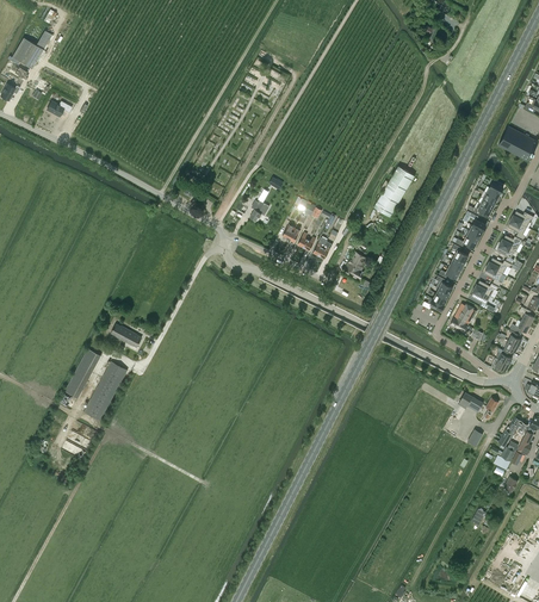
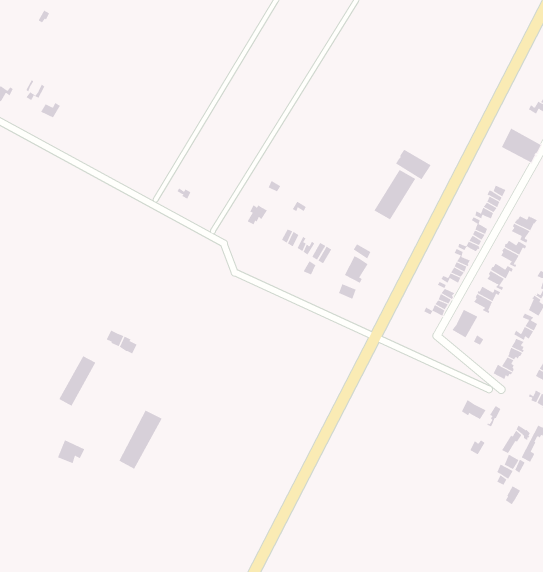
building: [11,31,50,69] -> none
building: none -> [395,149,432,180]
building: [83,362,126,421] -> [119,410,162,469]

